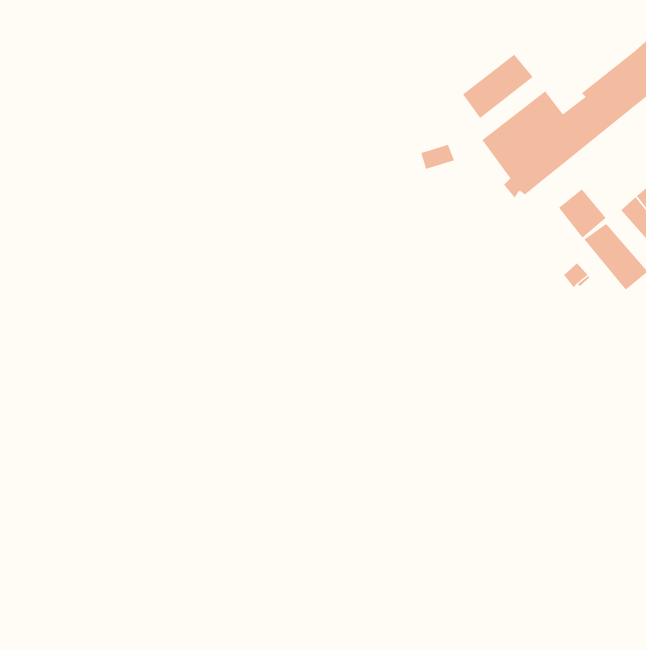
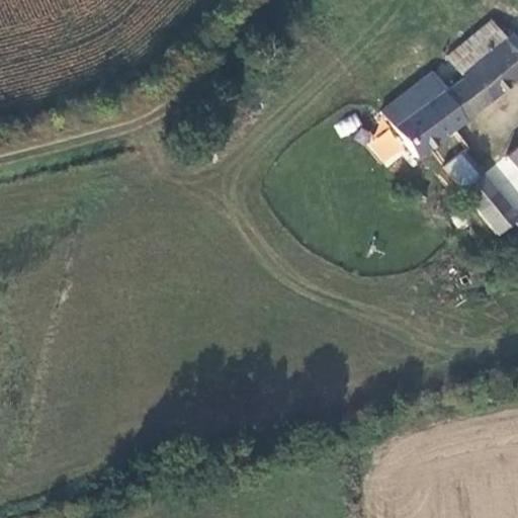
building: [462,54,533,119] -> [451,22,508,74]

